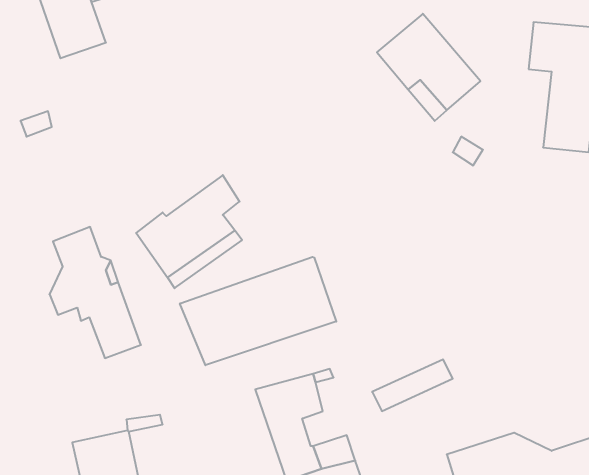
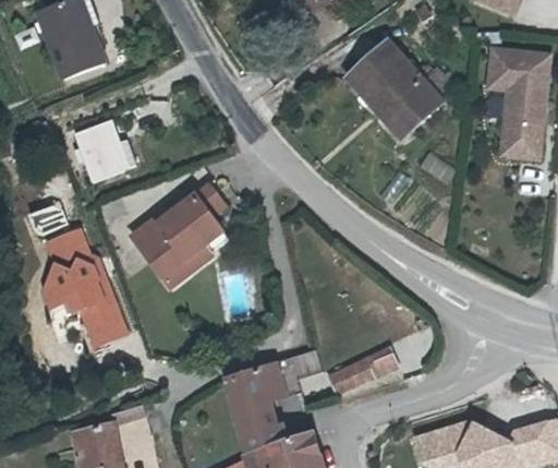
building: none -> [72,123,132,183]
building: [180,257,336,365] -> none

